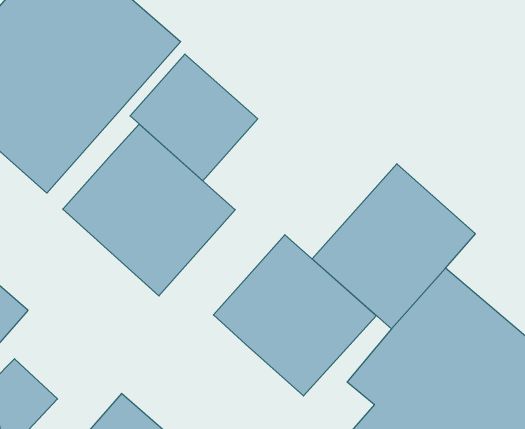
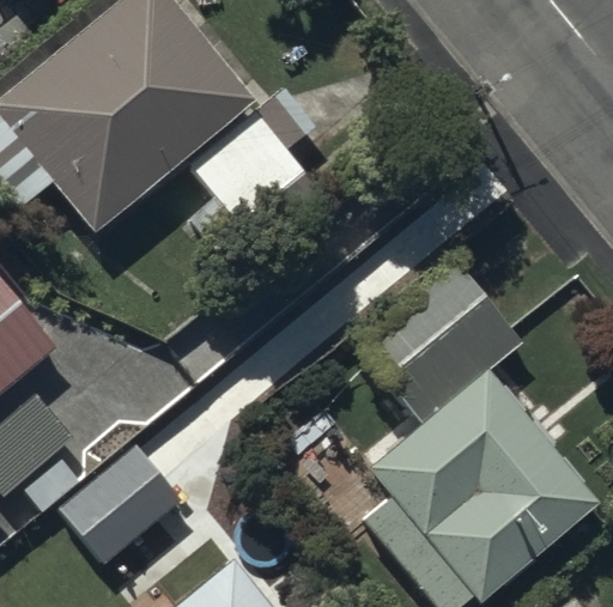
building: [63,124,235,296] -> none
building: [213,235,376,396] -> none

